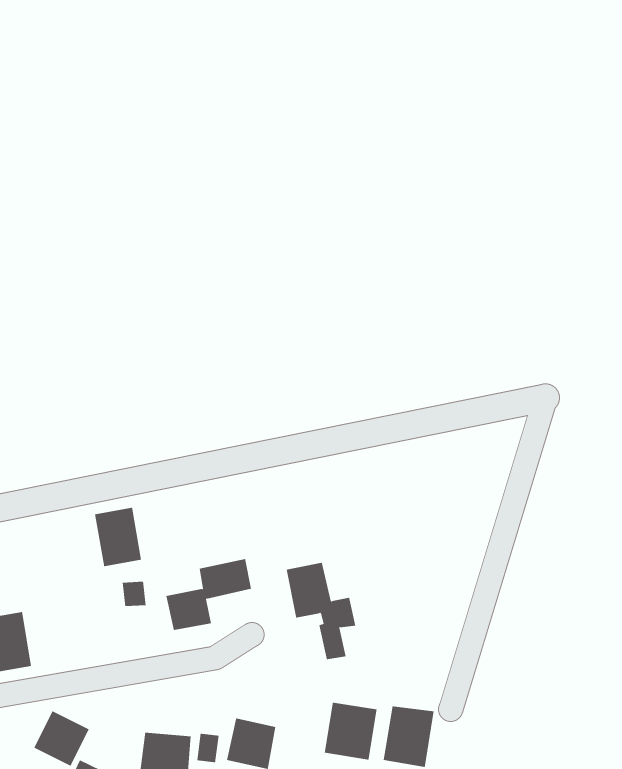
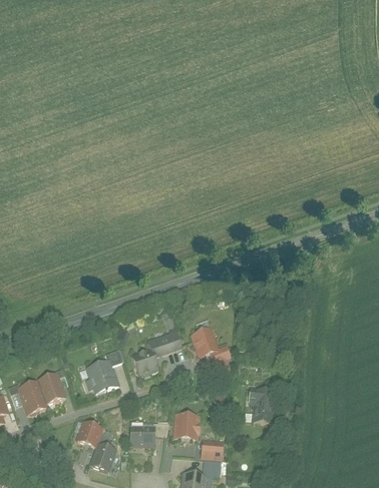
building: [94,507,142,567] -> [88,359,115,391]
building: [324,702,377,760] -> none

